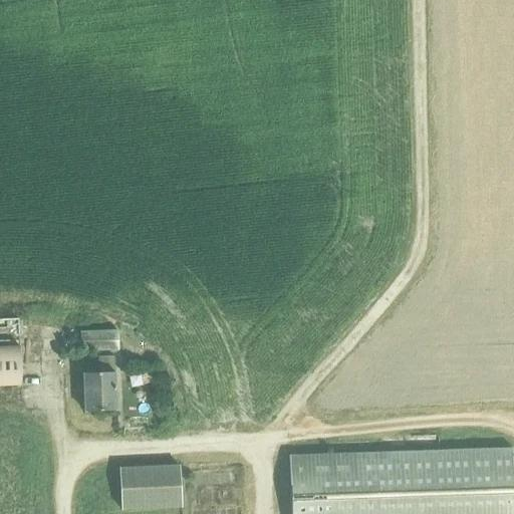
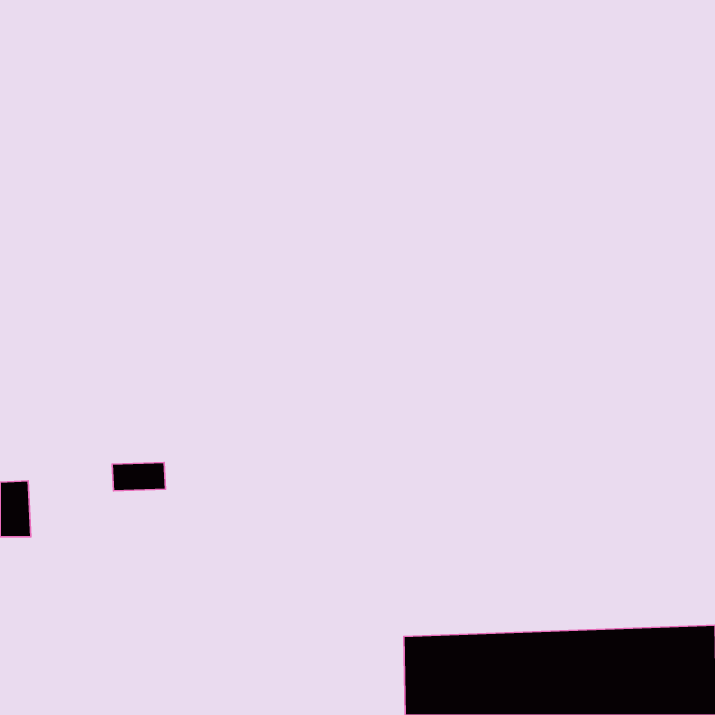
building: [84,356,117,411] -> none
building: [119,465,182,508] -> none

